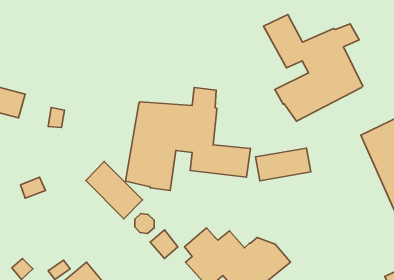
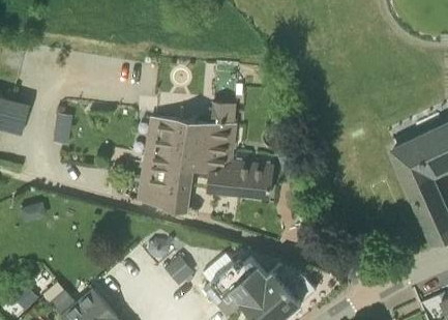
building: [264,15,363,121] -> none
building: [255,148,311,181] -> none
building: [86,162,142,219] -> none

